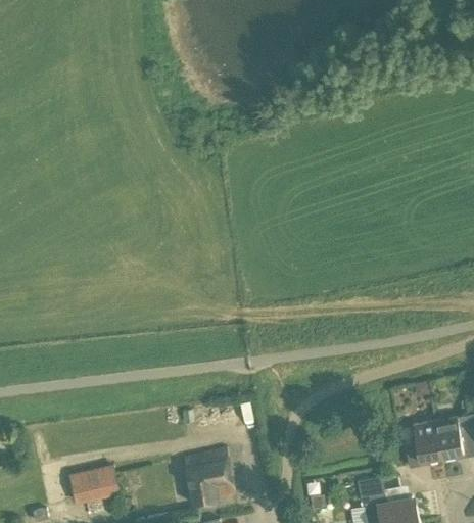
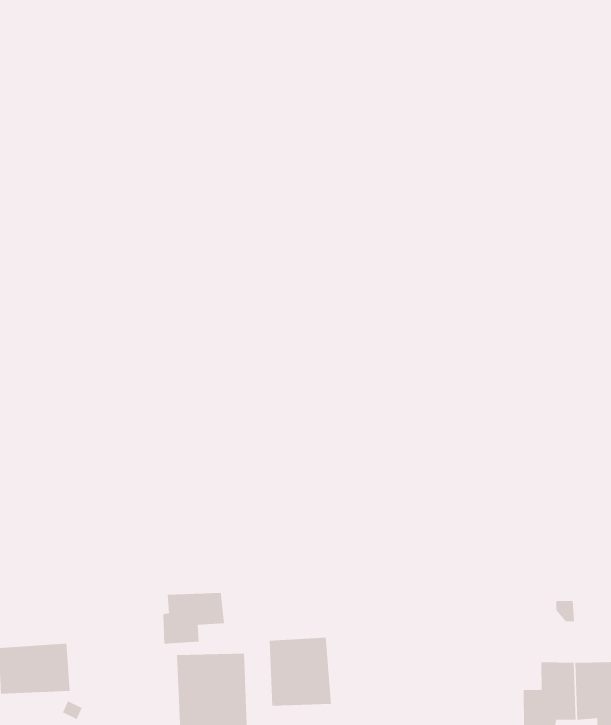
building: none -> [163,592,224,644]
building: none -> [269,637,331,707]

